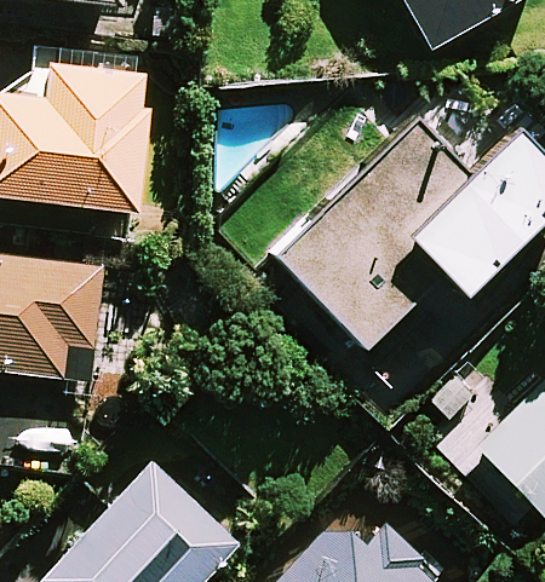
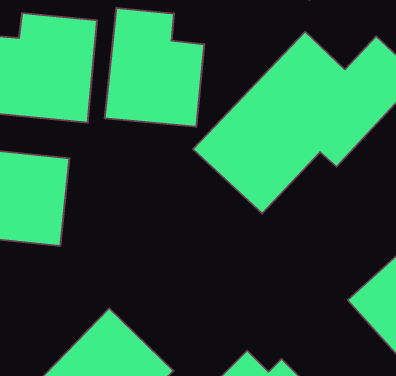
building: none -> [105,8,204,127]

